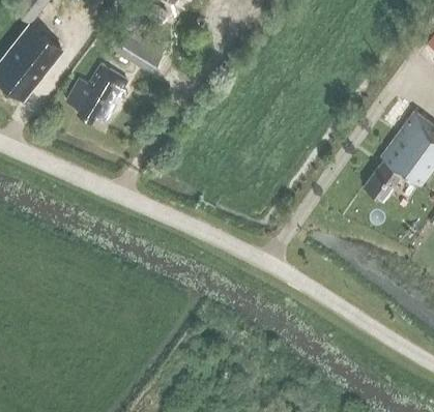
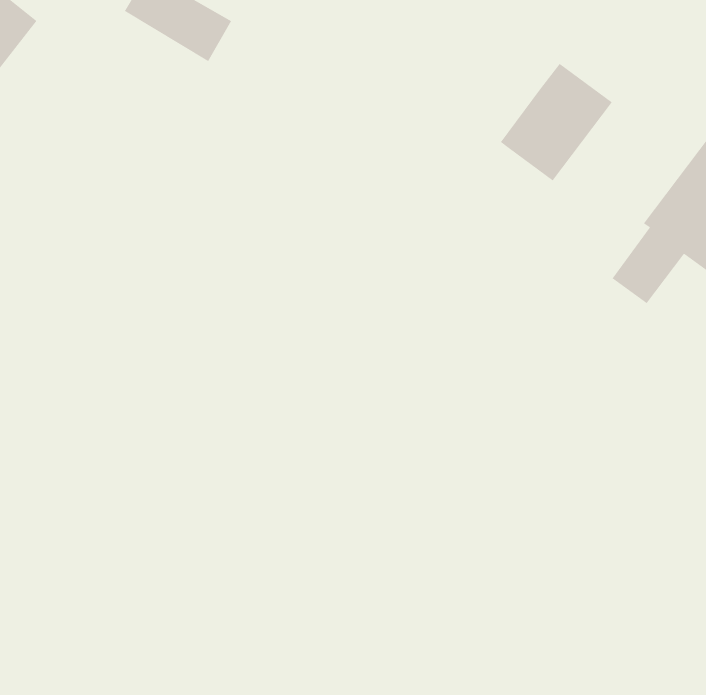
building: [66,65,127,123] -> none
building: none -> [500,63,613,182]

